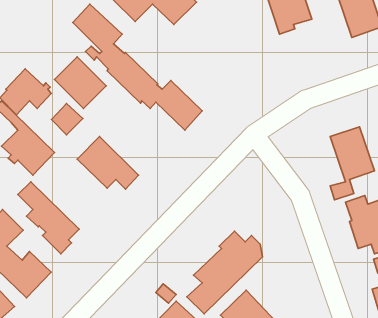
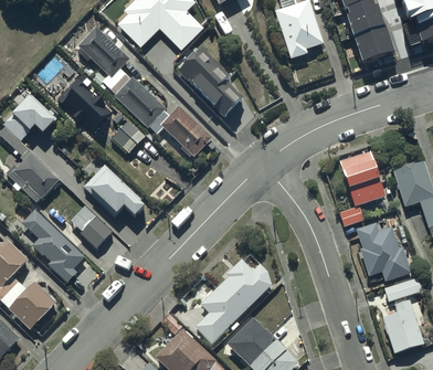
building: none -> [177,47,241,116]
building: [51,104,83,135] -> [110,121,142,154]
building: none -> [68,205,110,246]

